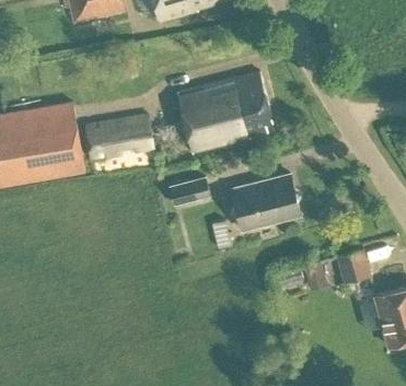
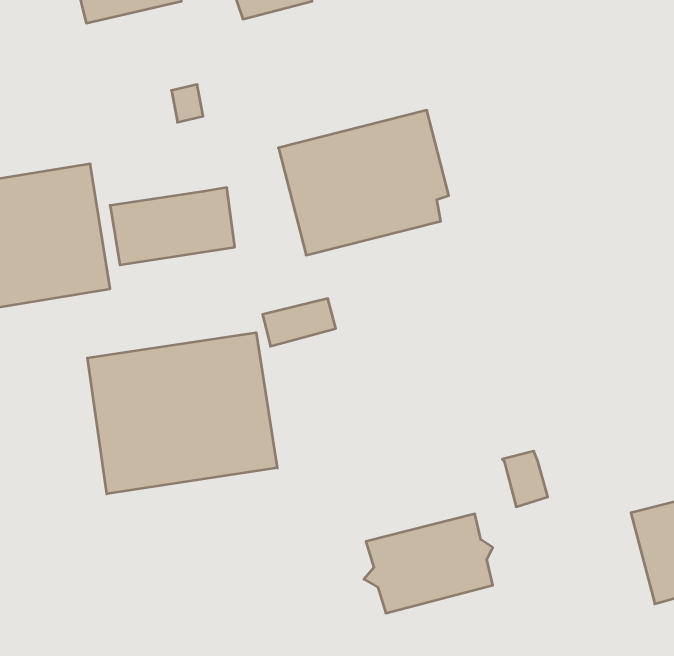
building: [230,174,301,229] -> [364,514,493,613]
building: none -> [87,333,277,494]
building: [337,249,369,281] -> none

